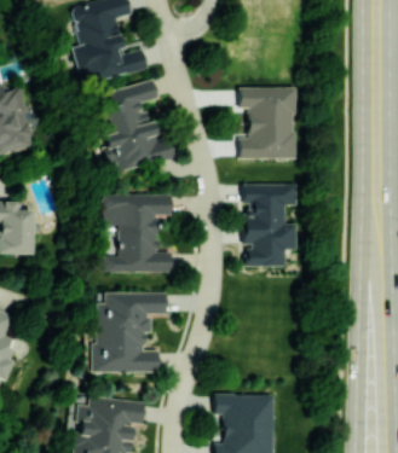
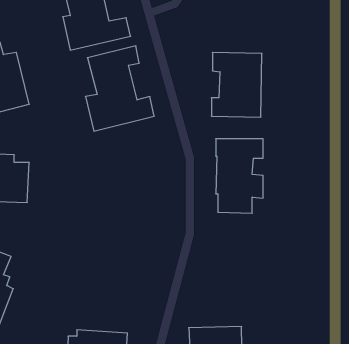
building: [103,193,173,273] -> none
building: [93,292,168,372] -> none

